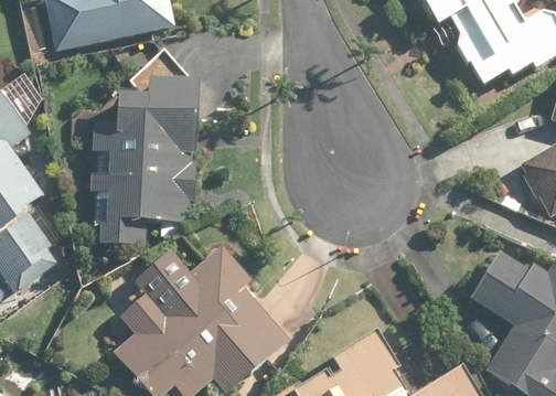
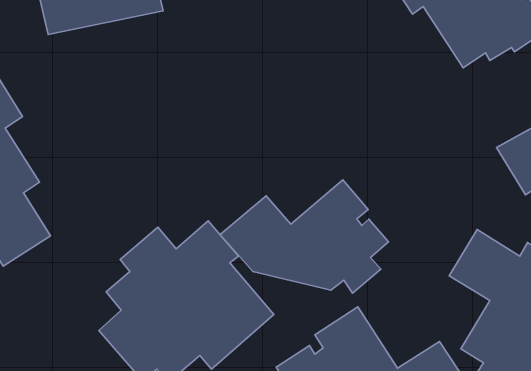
building: [89,83,197,247] -> none
building: none -> [220,180,389,293]

